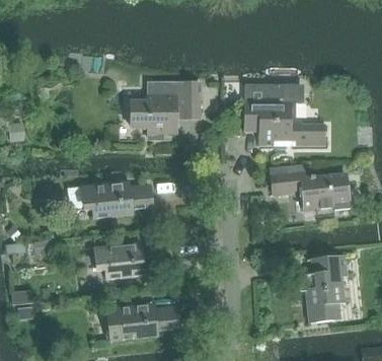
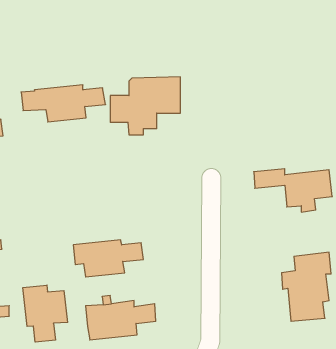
building: [244,84,325,146] -> none
building: [68,182,151,218] -> [21,85,106,122]
building: none -> [23,285,68,342]

